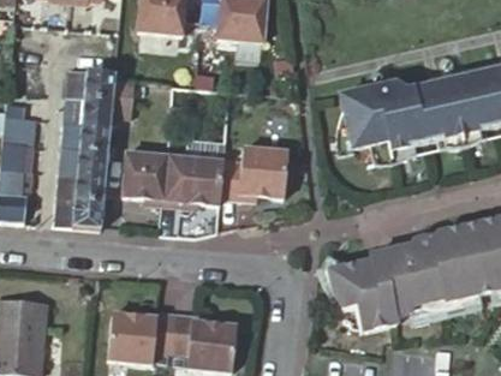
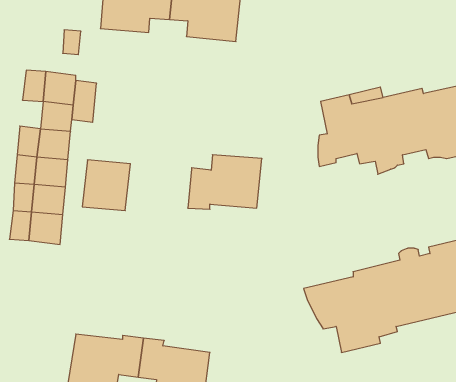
building: [161,156,222,205] -> none

